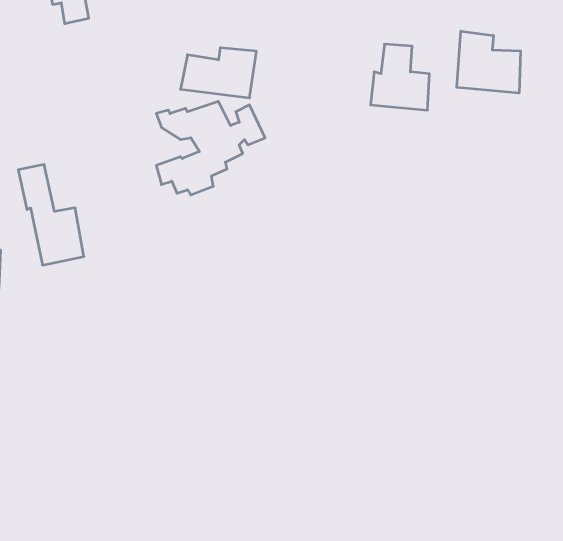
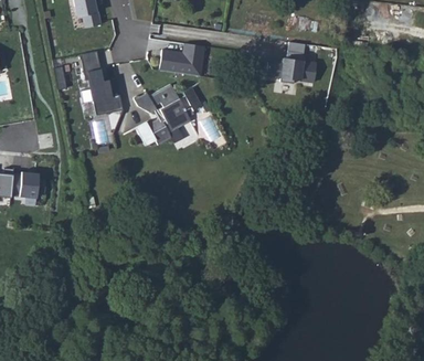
building: [457,31,521,93] -> none
building: [18,165,84,265] -> [78,52,120,116]

